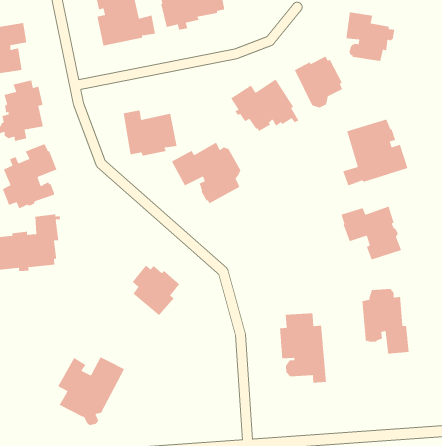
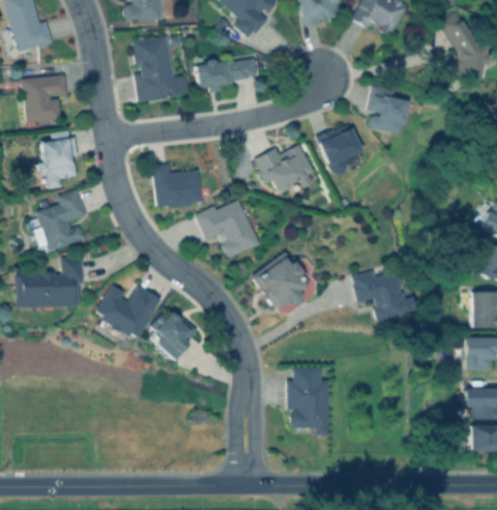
building: [342,118,408,186] -> none
building: none -> [252,251,316,314]
building: [362,288,409,355] -> none
building: [57,356,125,426] -> [95,286,160,352]

